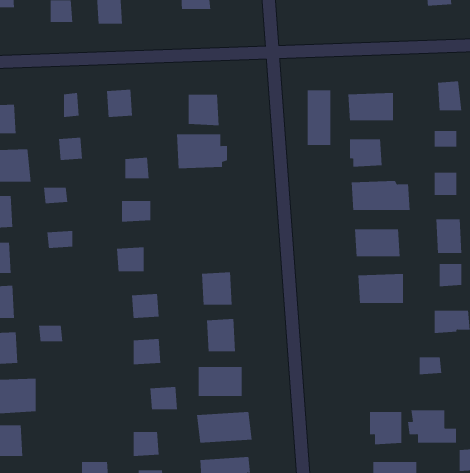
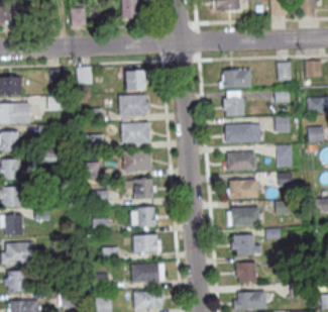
building: [307,90,331,146] -> none
building: none -> [121,122,150,143]
building: none -> [123,149,151,171]
building: none -> [231,207,259,225]
building: [407,410,457,443] -> [231,234,261,254]

